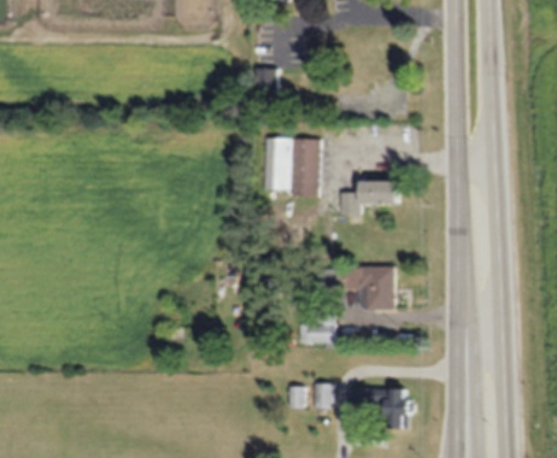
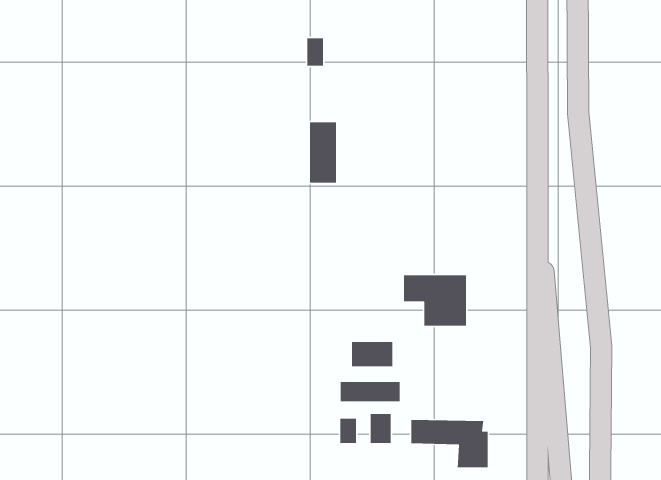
building: [289,140,316,196] -> none
building: [338,180,397,213] -> none
building: none -> [340,381,400,402]

